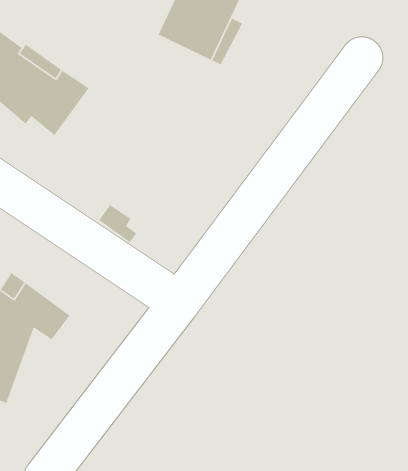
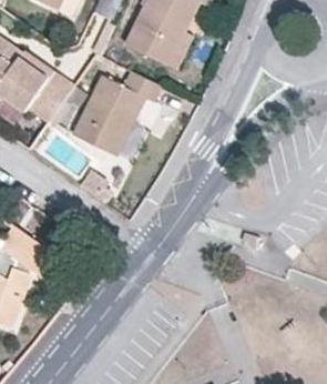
building: none -> [72,71,159,154]

